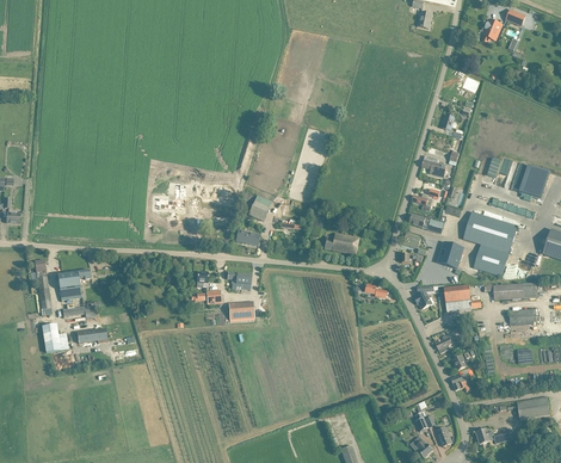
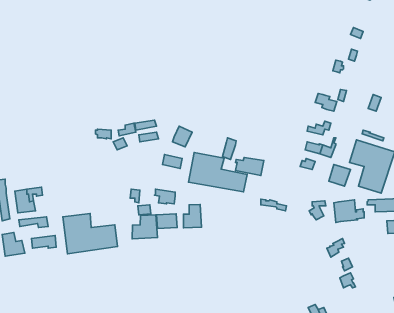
building: none -> [189,152,247,192]
building: none -> [183,204,202,228]
building: none -> [63,213,118,254]
building: none -> [132,215,157,239]

